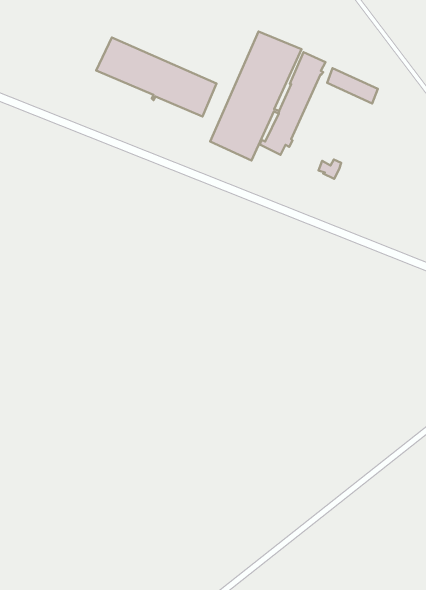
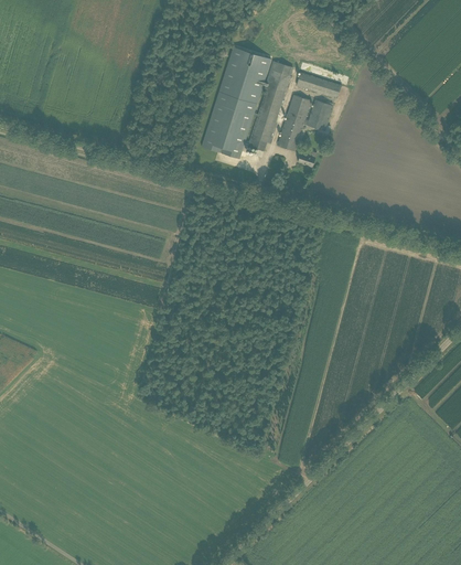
building: [96,37,216,116] -> none
building: none -> [277,93,333,150]

